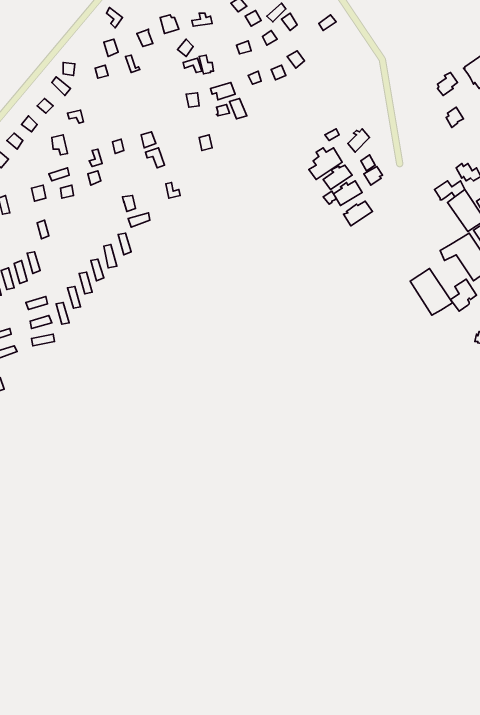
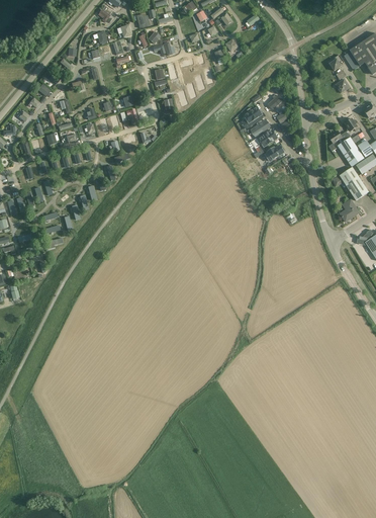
building: [410,268,453,315] -> none

